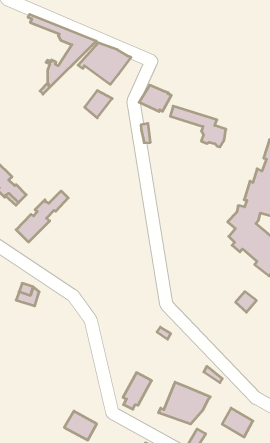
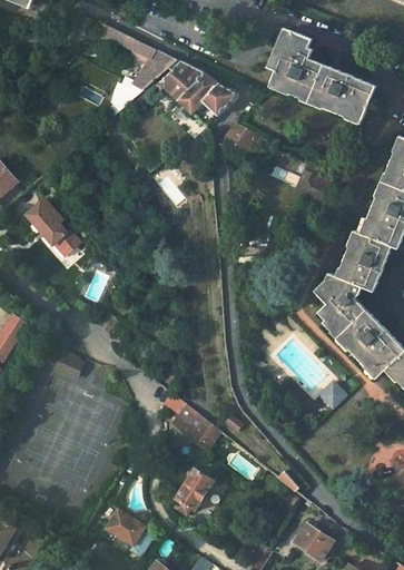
building: none -> [265,24,375,118]
building: [85,91,112,118] -> [200,83,235,117]
building: [16,191,68,242] -> none
building: none -> [170,406,218,450]
building: [159,382,210,424] -> none

